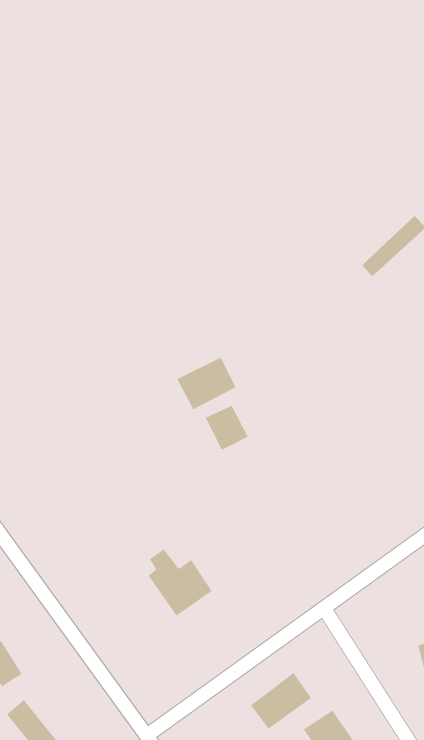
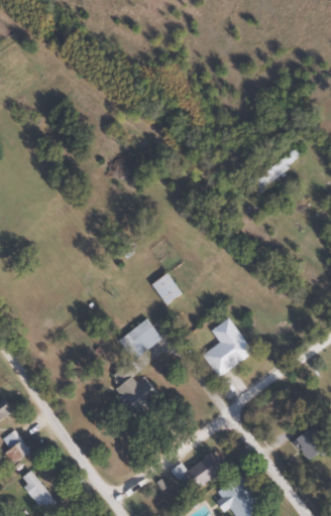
building: [176,357,236,410] -> none
building: none -> [119,318,160,360]
building: none -> [204,318,252,376]

